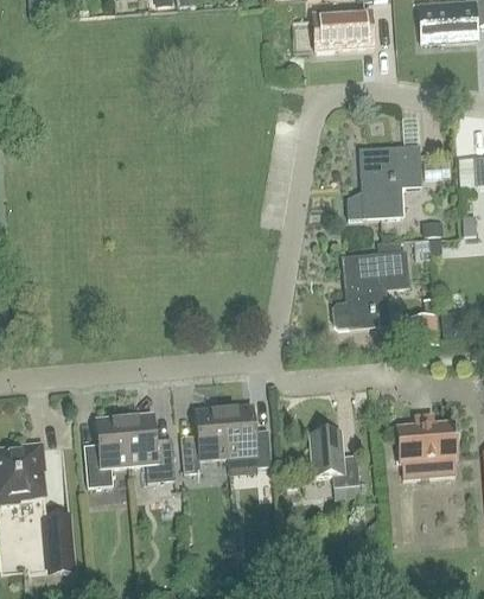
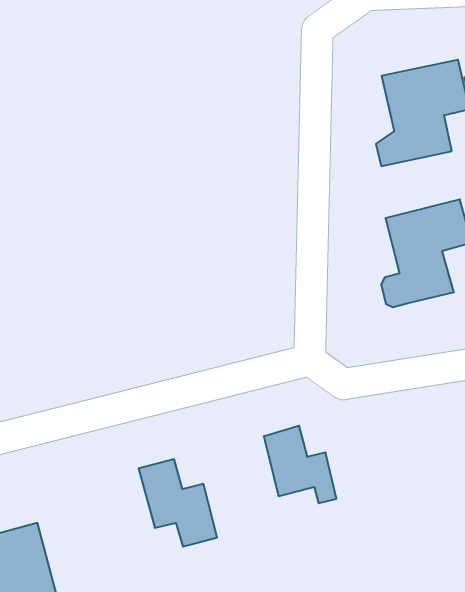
building: [180,408,227,472] -> none
building: [83,416,128,486] -> none
building: [310,429,359,498] -> none

